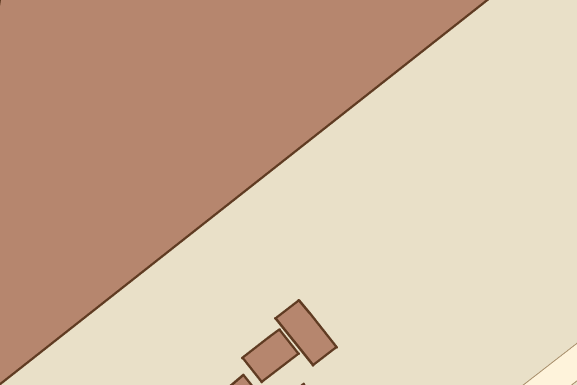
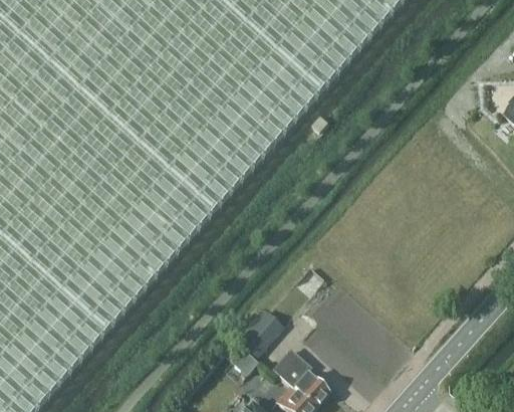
building: [275,300,337,365] -> none

